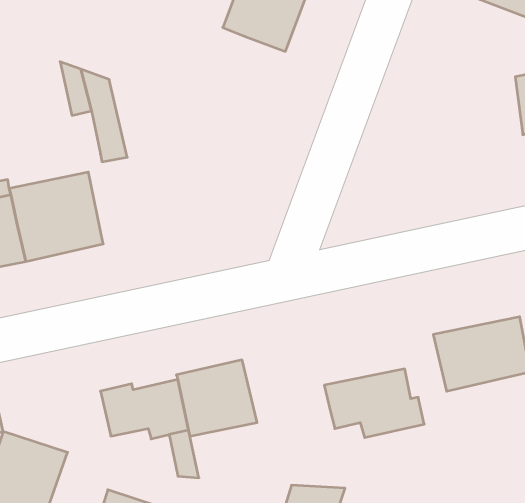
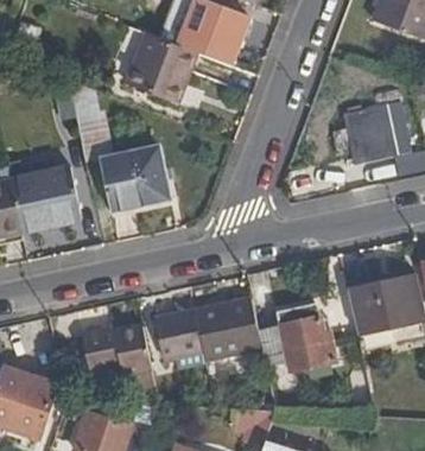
building: none -> [128,32,196,99]
building: none -> [342,102,398,163]
building: none -> [101,144,171,209]
building: none -> [194,293,264,361]

